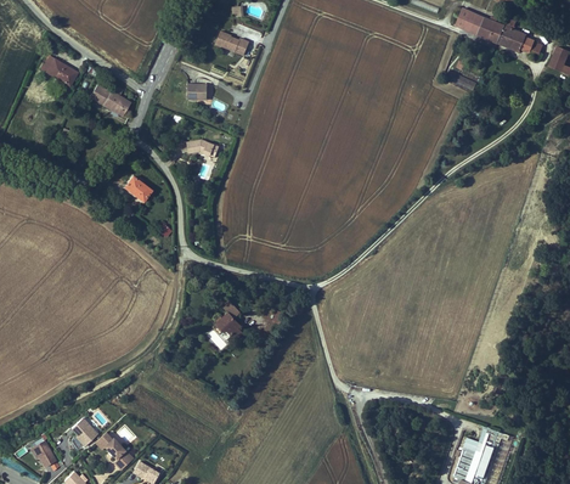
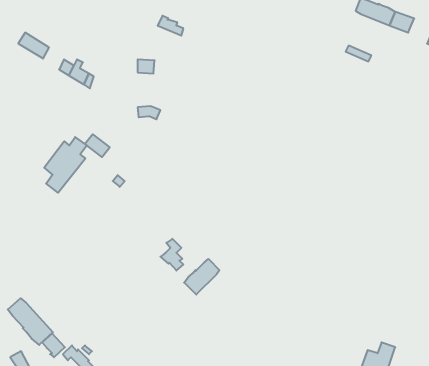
building: none -> [44,137,87,193]
building: none -> [184,259,219,295]
building: none -> [8,298,53,345]

